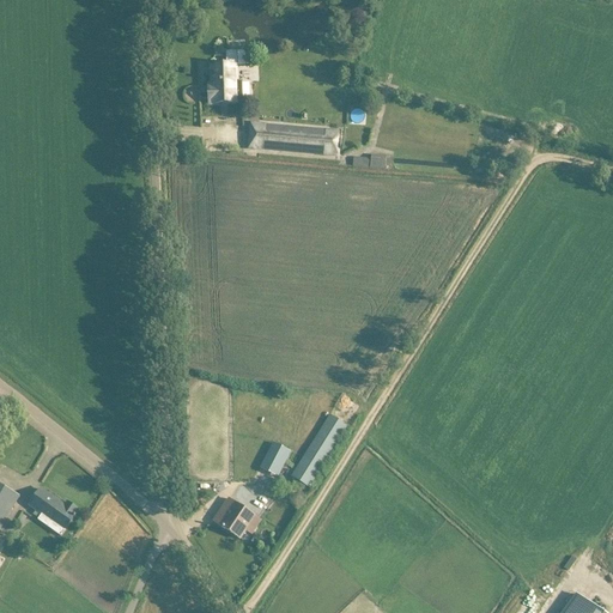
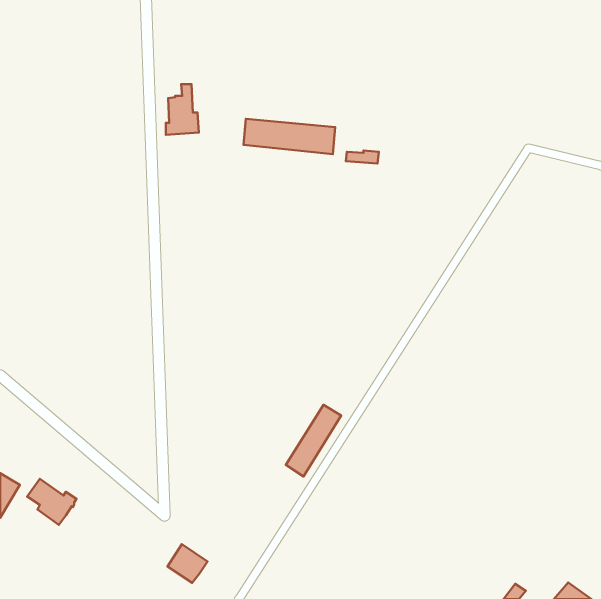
building: [210,50,243,102] -> [166,84,199,135]
building: [259,439,291,475] -> none
building: [214,497,255,536] -> [168,544,208,583]

